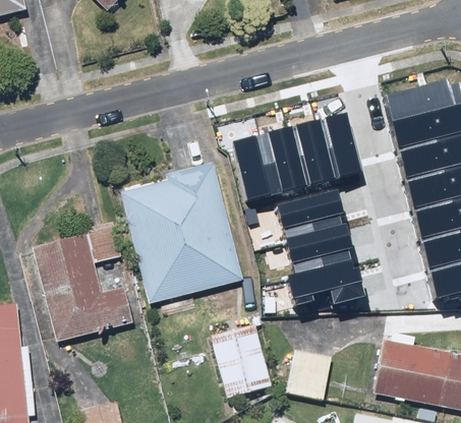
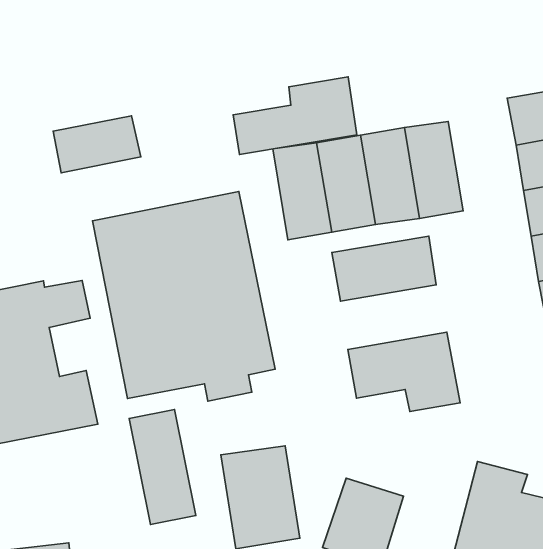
building: none -> [233,77,357,155]
building: none -> [53,116,141,173]
building: [284,217,355,263] -> none
building: none -> [129,410,196,525]

